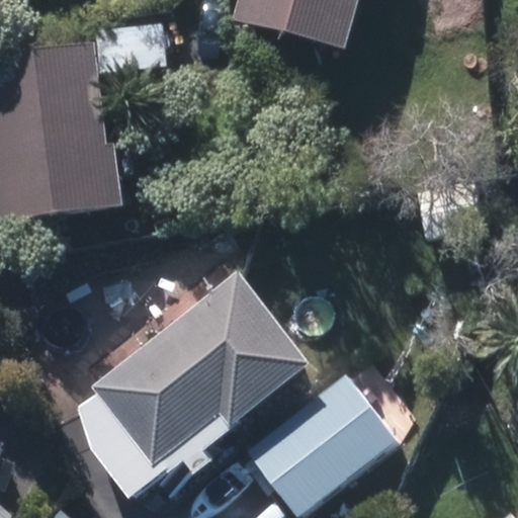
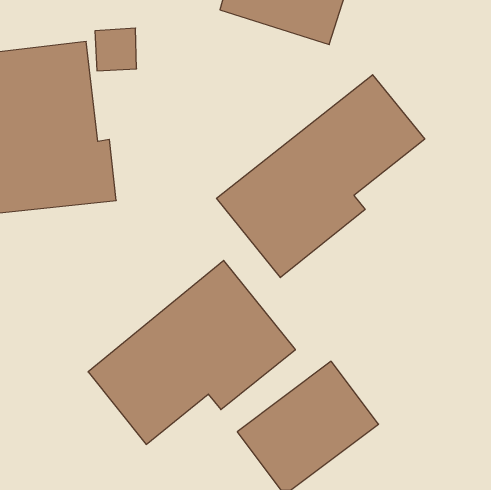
building: none -> [217,75,425,278]

